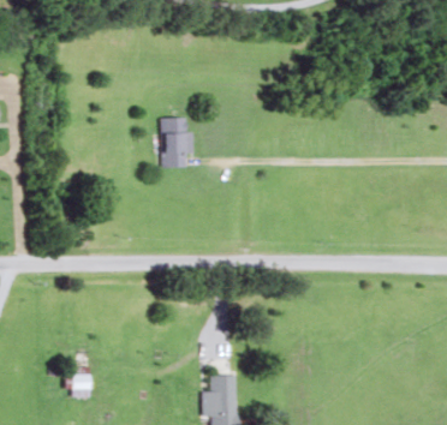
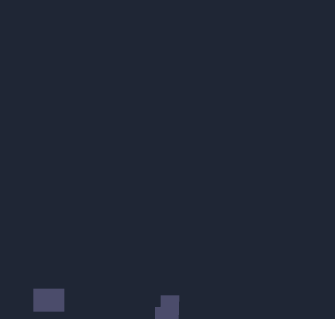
building: [162,118,191,167] -> none

